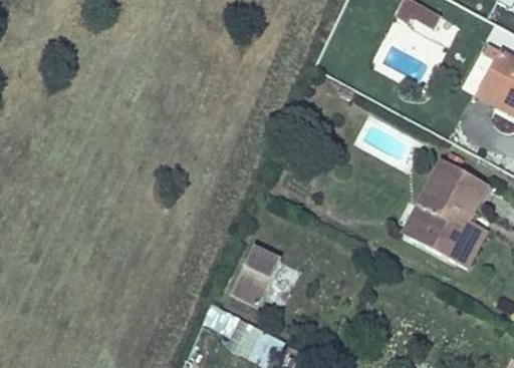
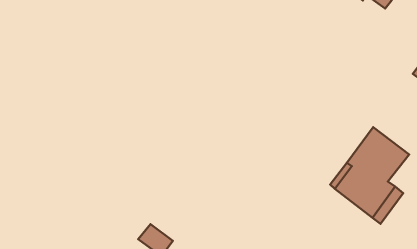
building: [232,247,283,305] -> none

